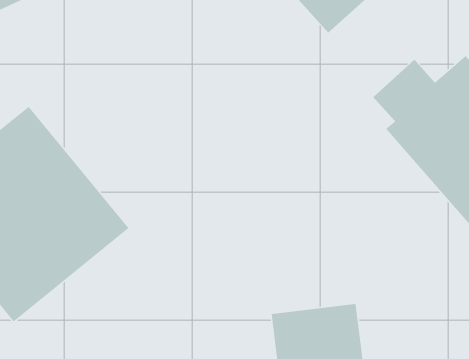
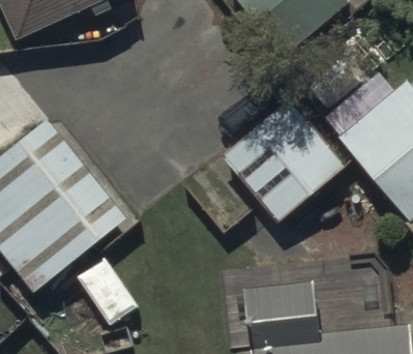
building: none -> [223,99,349,227]

